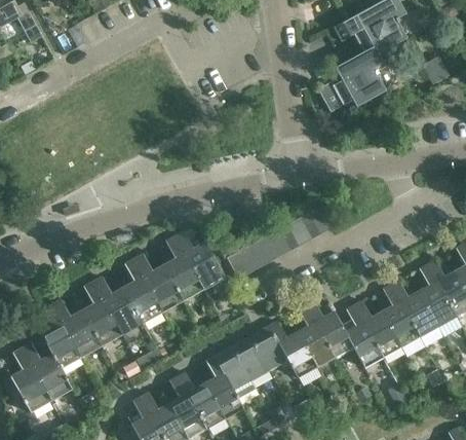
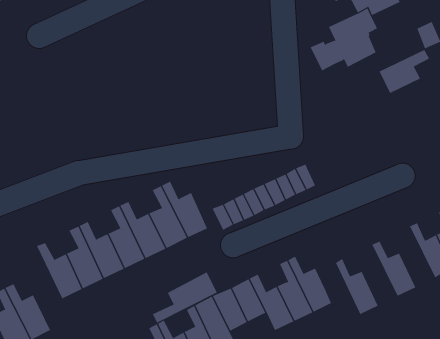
building: none -> [379,49,430,94]
building: [419,263,456,325] -> none
building: [382,284,419,345] -> none
building: [40,303,80,388] -> none
building: [346,304,382,365] -> none
building: none -> [152,272,218,324]

